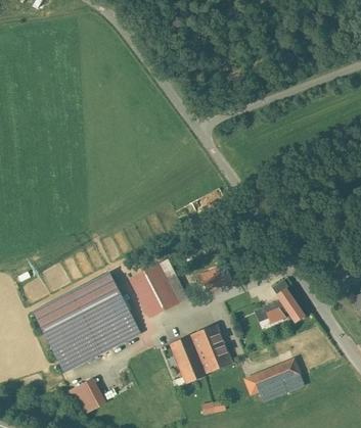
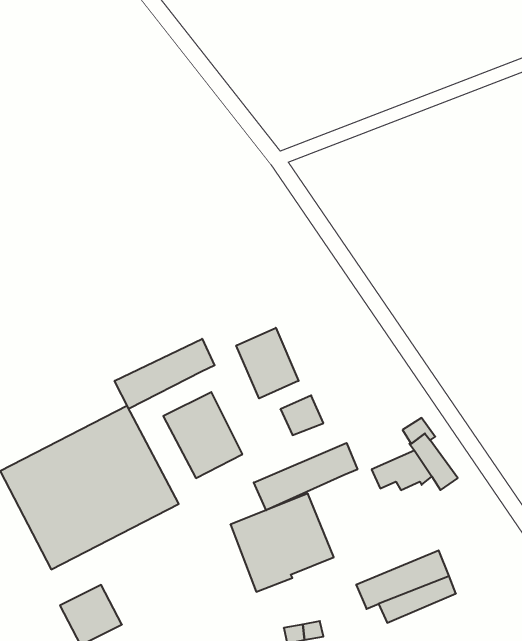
building: none -> [236,328,299,398]
building: none -> [115,339,215,409]
building: none -> [254,443,357,510]

